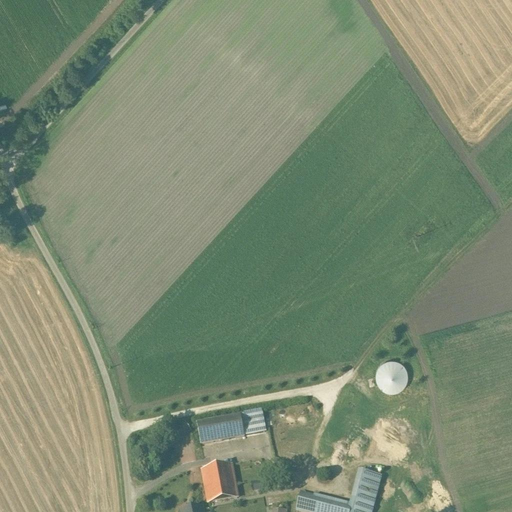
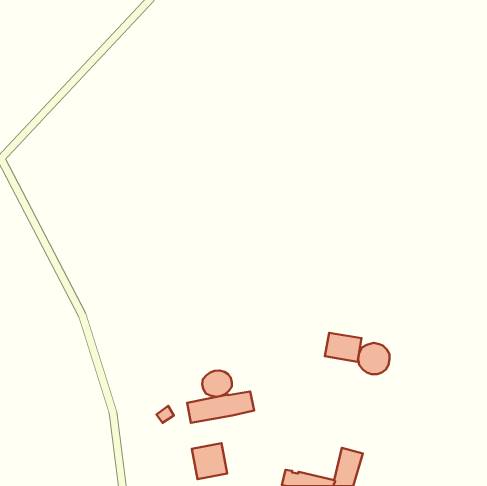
building: none -> [325,333,362,362]
building: none -> [202,370,232,397]

